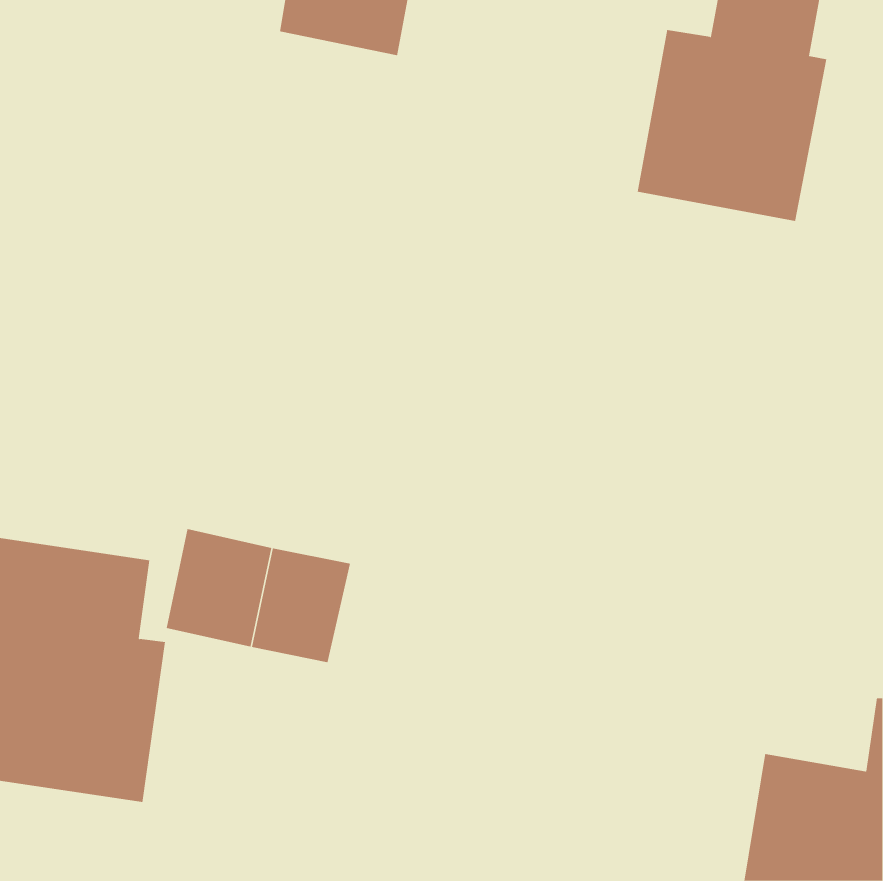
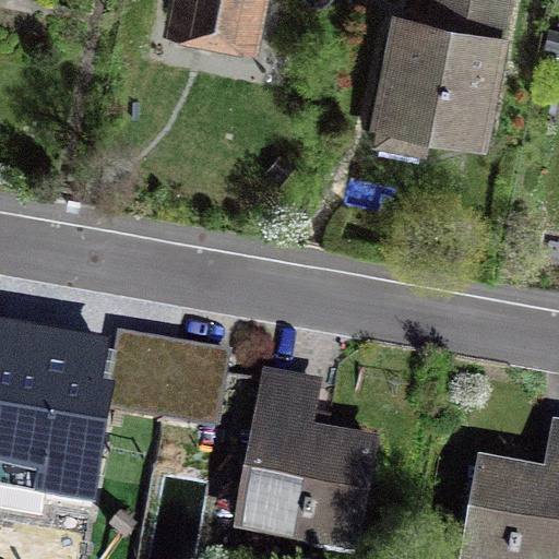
building: none -> [235,389,361,546]

